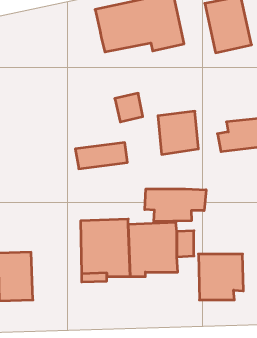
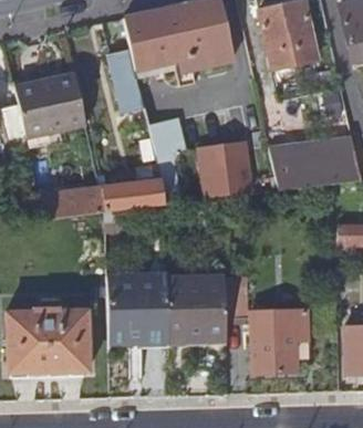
building: none -> [112,49,147,114]
building: none -> [18,71,89,135]
building: none -> [40,186,106,217]
building: [145,189,206,221] -> none
building: none -> [48,312,90,372]

